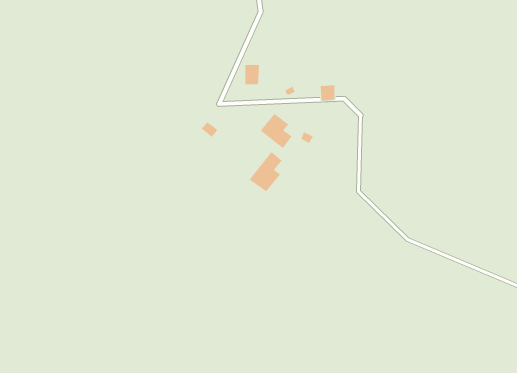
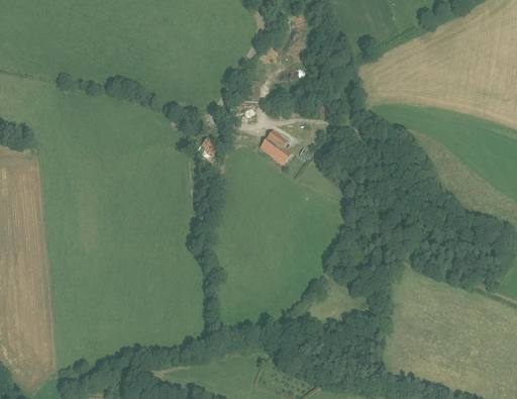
building: [249,151,283,192] -> none

